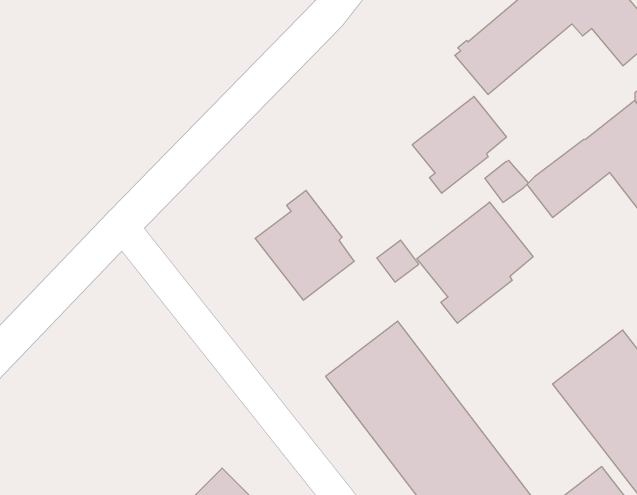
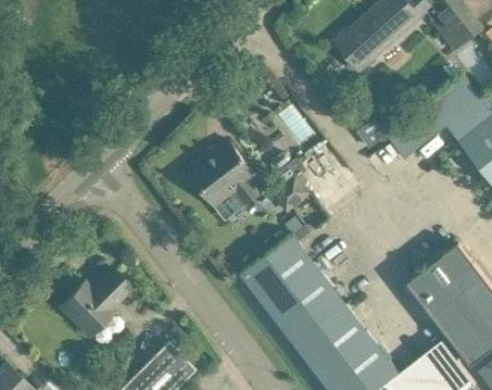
building: [412,96,506,193] -> none
building: [417,202,533,323] -> none
building: none -> [60,269,133,337]

